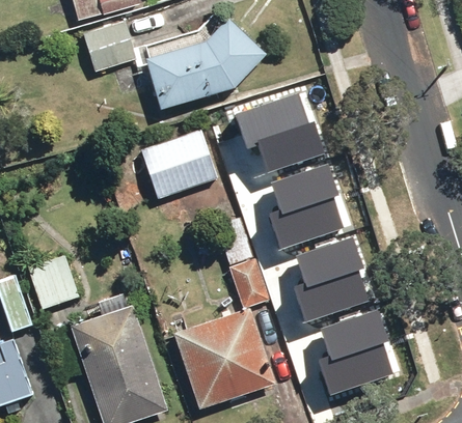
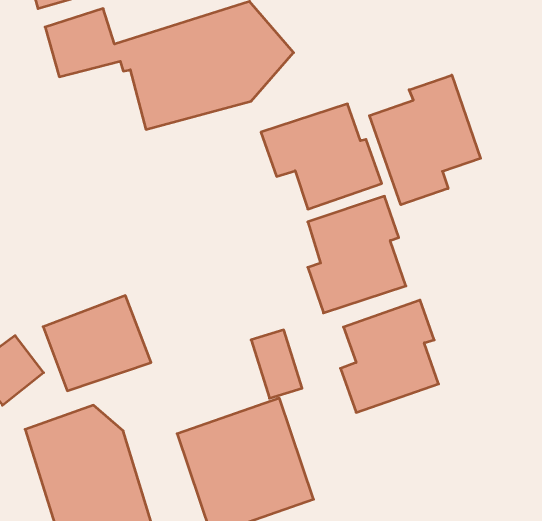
building: none -> [369,75,481,205]
building: [140,129,219,198] -> [43,296,151,391]
building: [320,306,392,391] -> none

